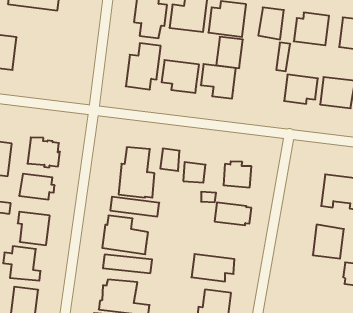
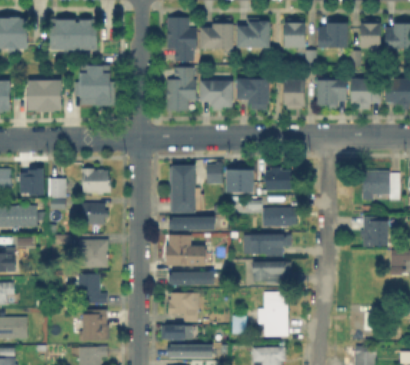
building: none -> [71,63,111,104]
building: [216,37,243,68] -> [282,81,304,108]
building: none -> [240,233,288,255]

